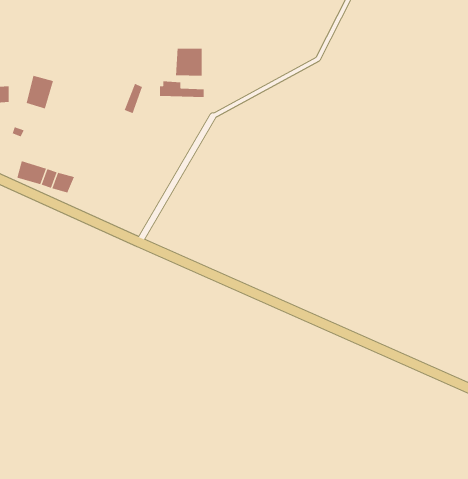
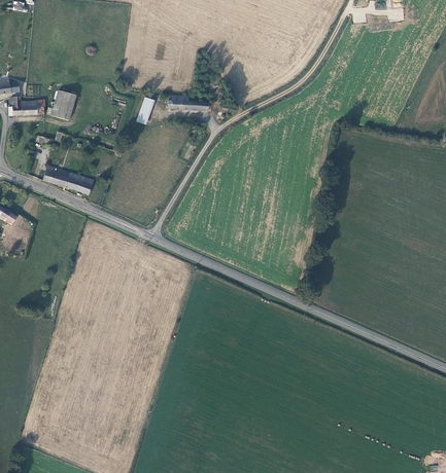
building: [175,48,202,77] -> none

